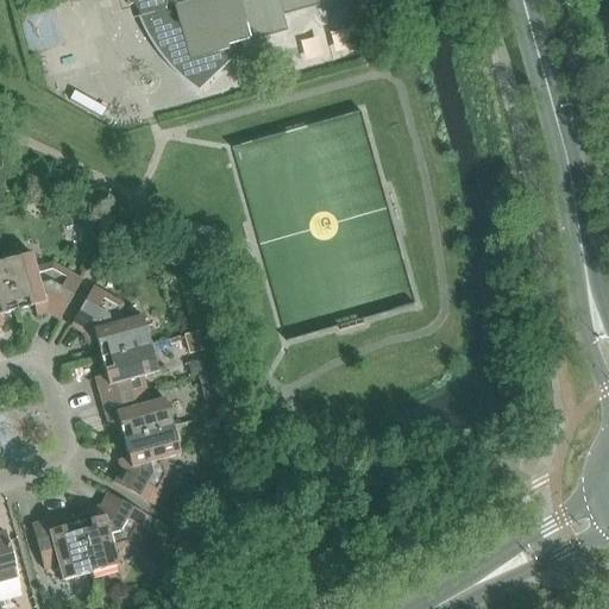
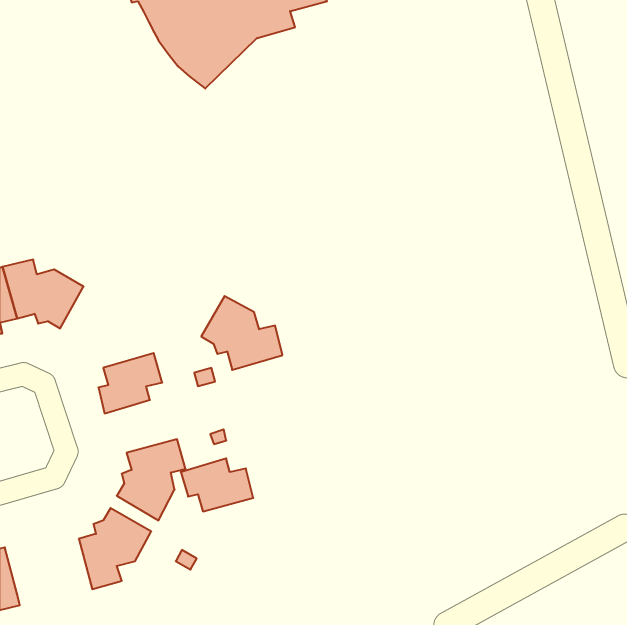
building: [70,284,149,356] -> [201,296,282,370]
building: [101,387,171,438] -> [181,458,253,511]
building: [31,515,89,578] -> none

